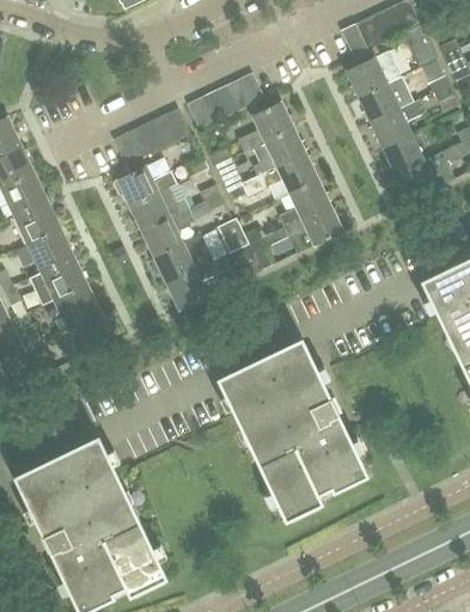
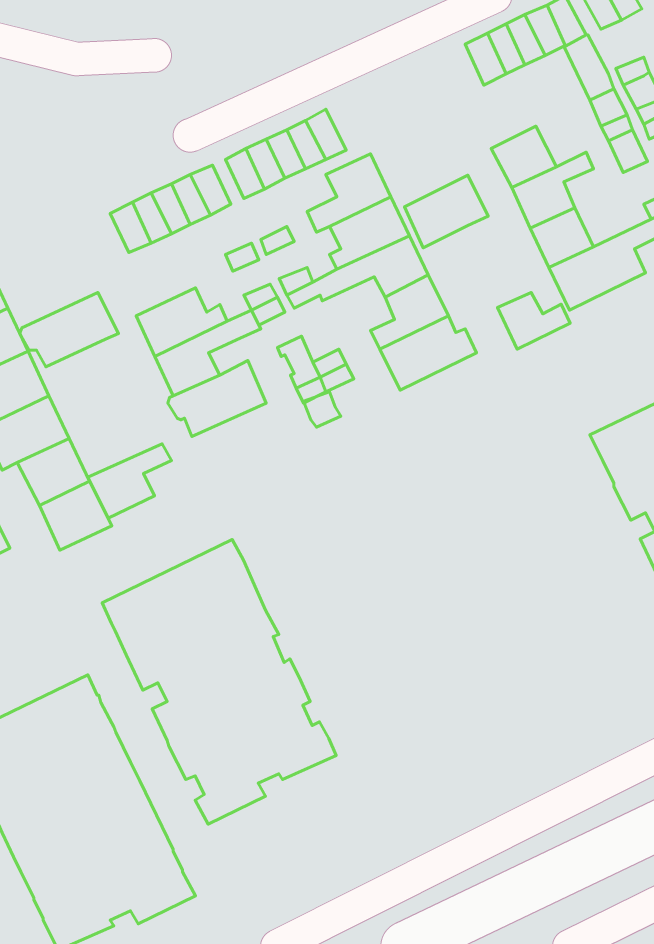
building: [346,51,399,98] -> [405,175,488,248]
building: [112,158,176,206] -> [20,293,118,367]
building: none -> [497,292,570,349]
building: [165,262,219,310] -> [88,444,171,518]
building: [218,338,368,521] -> [102,540,336,824]

